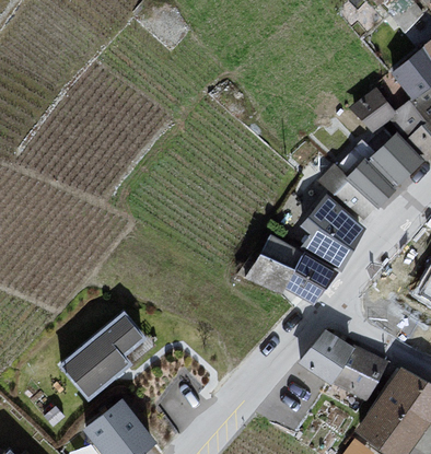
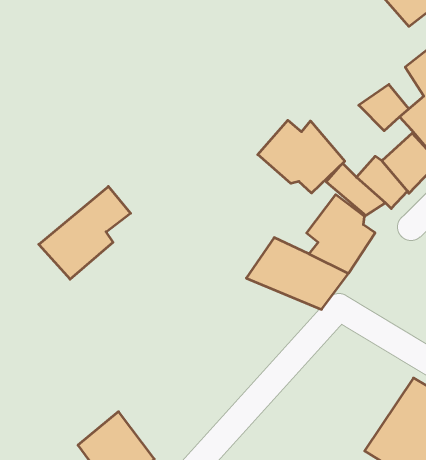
building: none -> [258,120,345,193]
building: [59,313,145,400] -> [39,186,131,279]
building: [299,329,386,401] -> none

